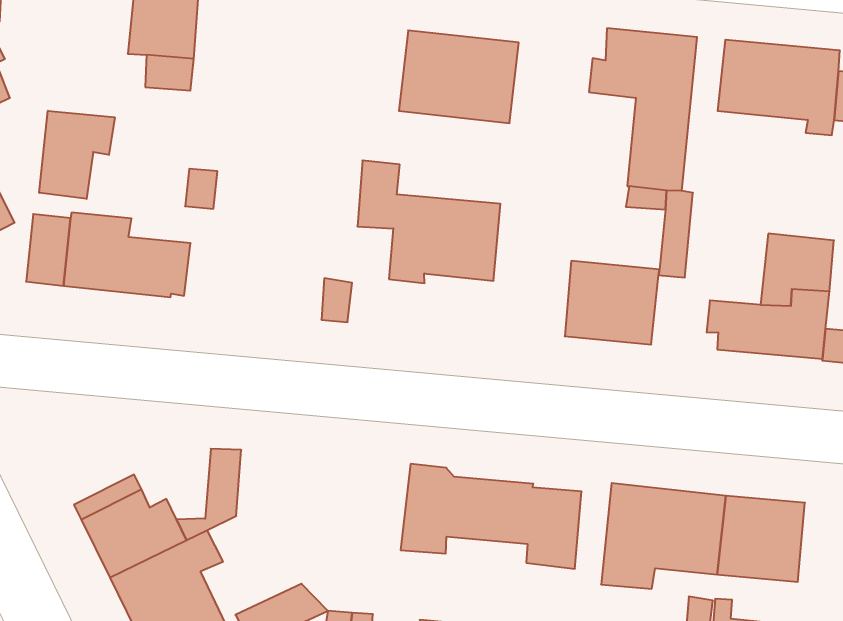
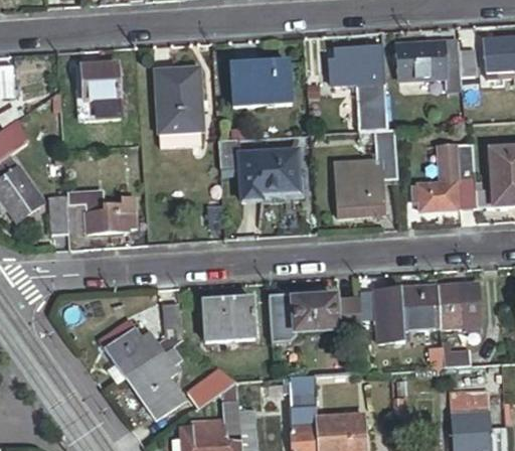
building: none -> [153,69,199,143]
building: [39,111,115,199] -> none
building: none -> [204,296,258,338]

